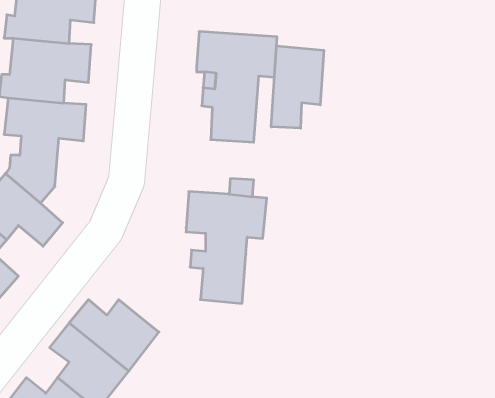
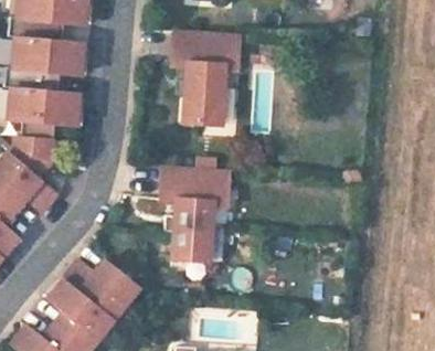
building: [271,46,324,128] -> none

